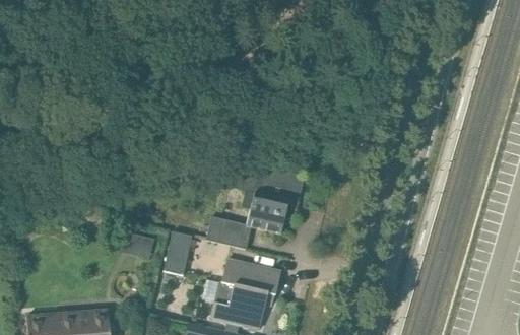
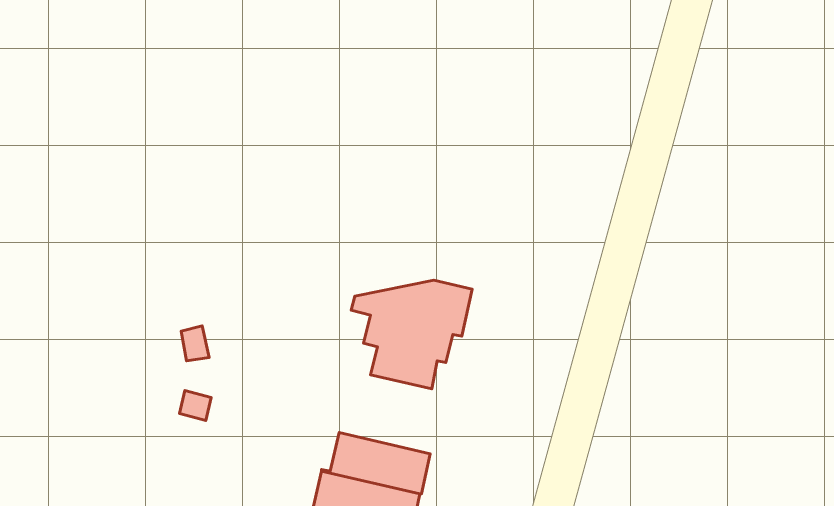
building: [206,215,250,248] -> none
building: [164,230,192,274] -> none

